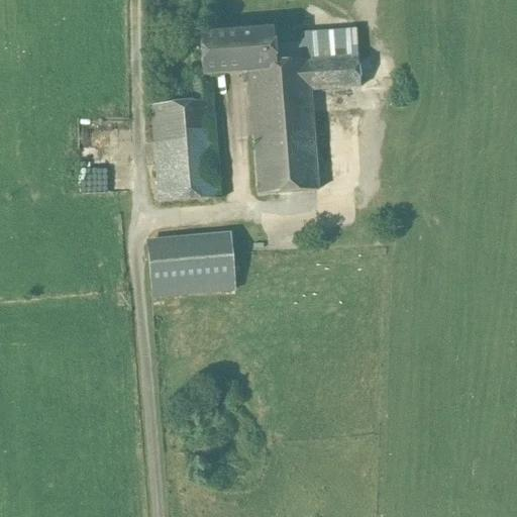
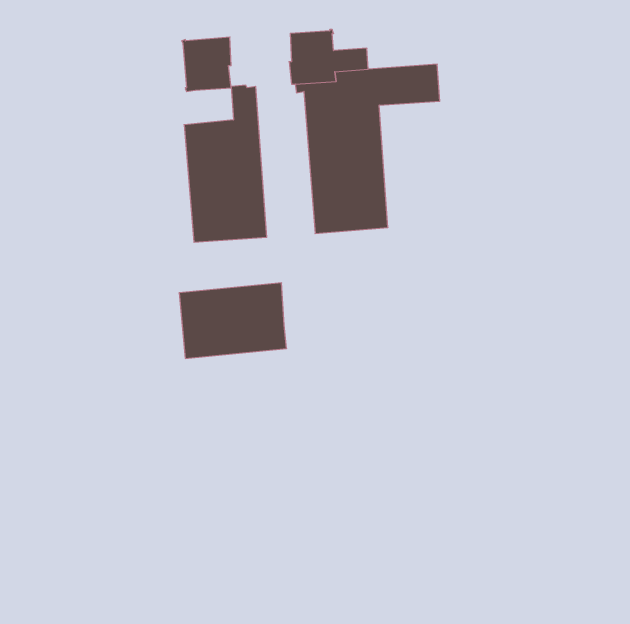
building: [199,27,239,72] -> [182,37,231,92]
building: [300,33,358,57] -> none

